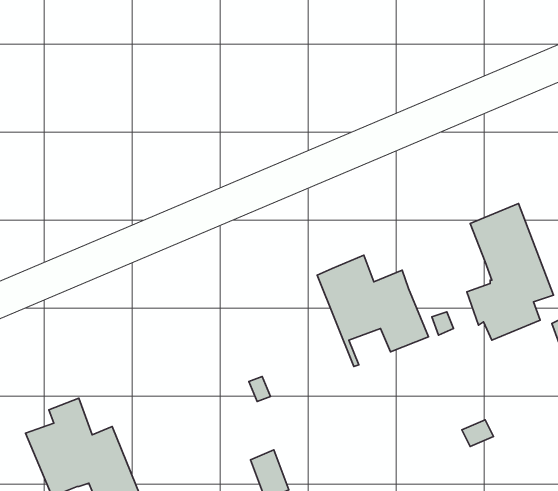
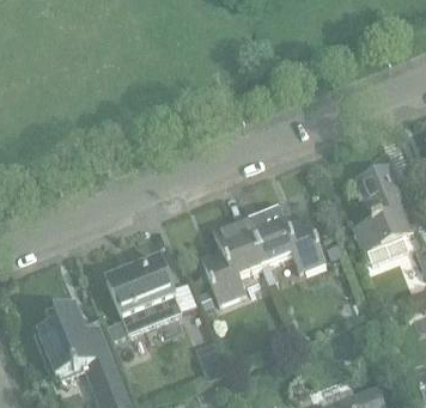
building: none -> [199,215,272,303]
building: none -> [105,257,181,333]

